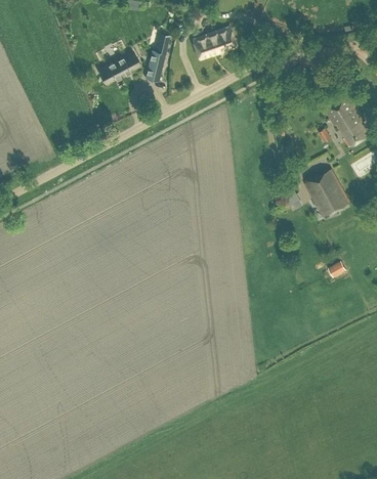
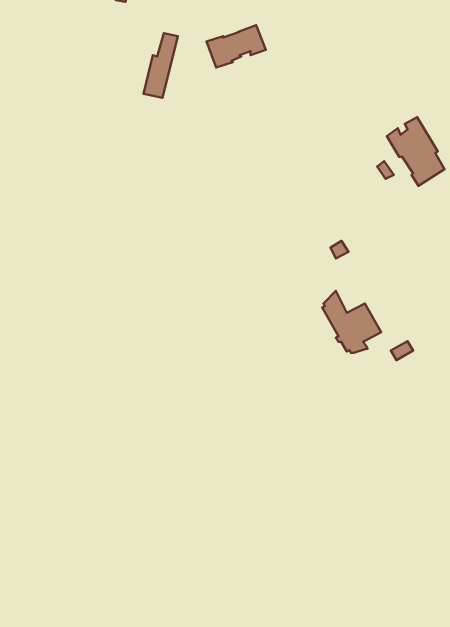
building: [98,53,138,84] -> none
building: [304,172,348,218] -> [322,291,381,353]

